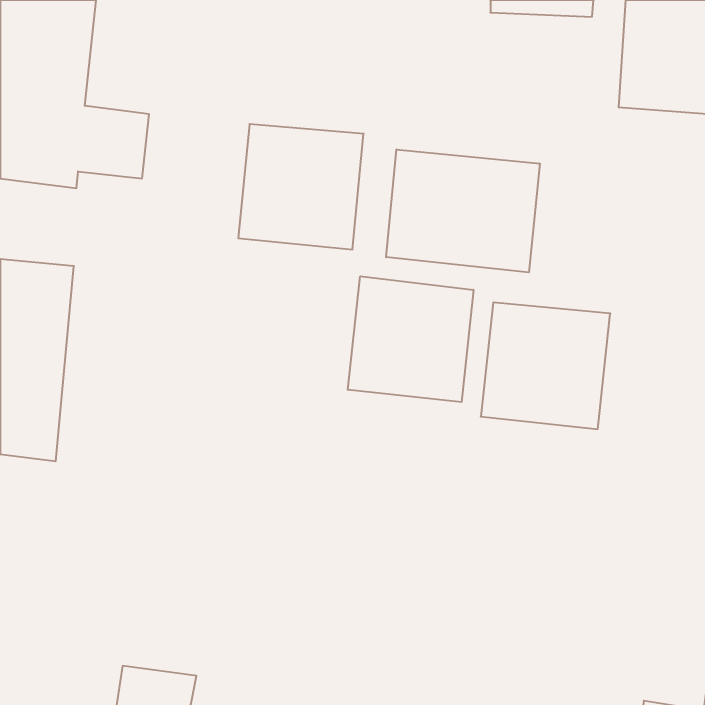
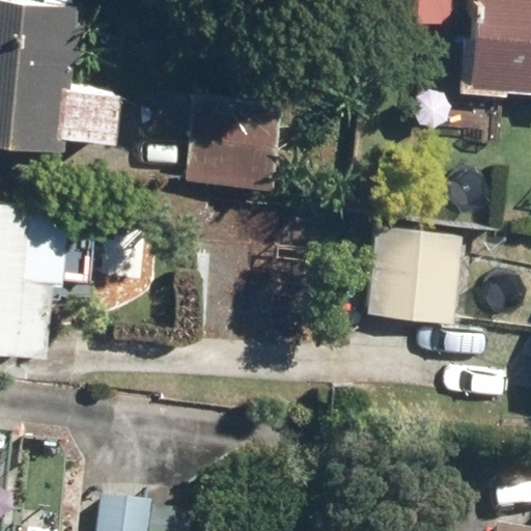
building: [386,149,540,272] -> none
building: [348,276,473,402] -> none

